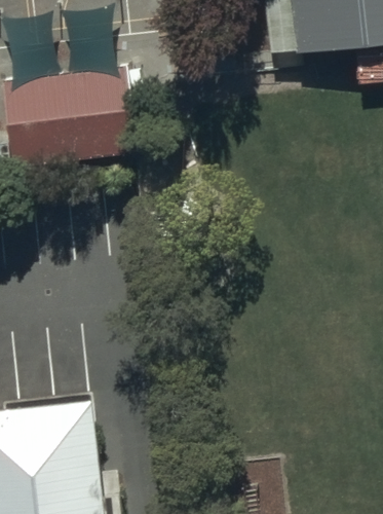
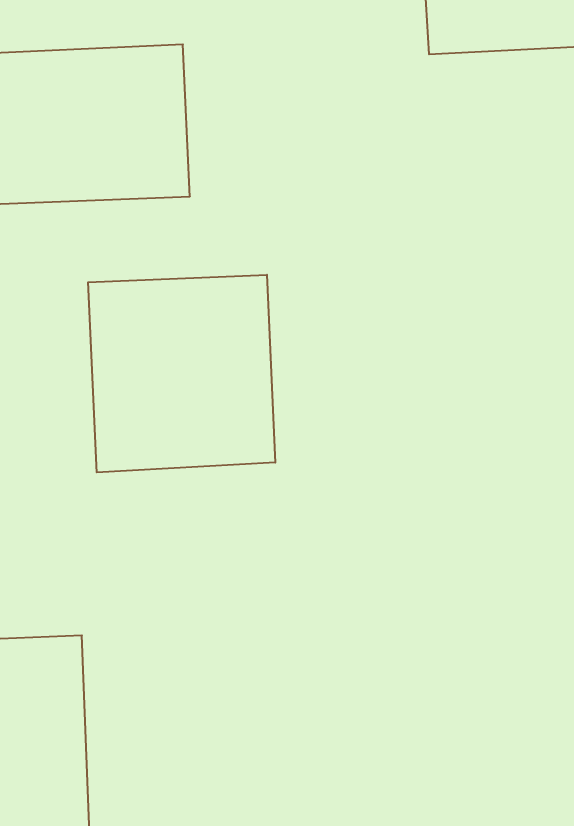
building: none -> [88,275,275,472]

